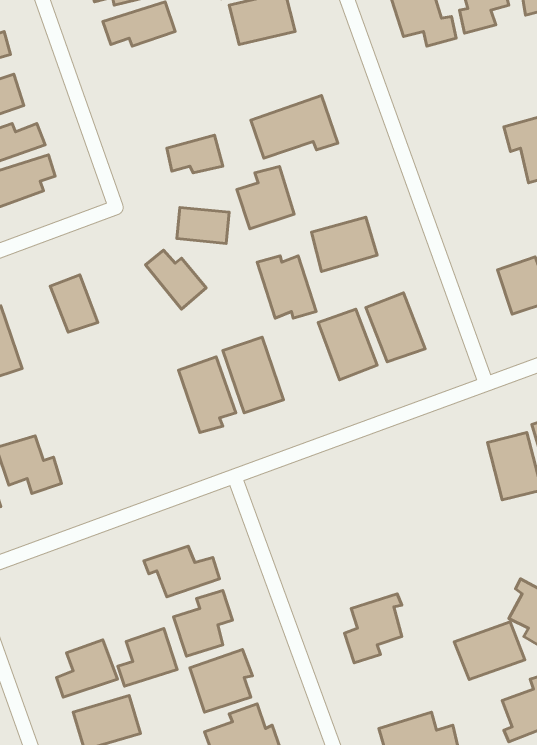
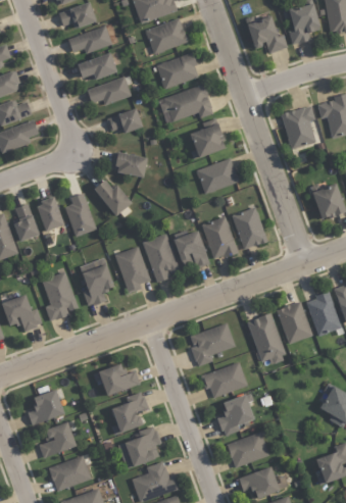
building: none -> [155,52,200,89]
building: none -> [77,53,116,79]
building: none -> [87,77,131,105]
building: none -> [281,105,315,149]
building: [237,166,294,229] -> [190,118,226,157]
building: [257,256,316,318] -> [172,230,209,268]
building: none -> [64,193,97,237]
building: none -> [12,203,39,242]
building: none -> [80,258,113,306]
building: none -> [42,271,79,320]
building: none -> [276,301,312,344]
building: none -> [247,313,286,365]
building: none -> [190,322,235,366]
building: none -> [200,361,247,398]
building: [454,622,525,680] -> [226,432,269,467]
building: [118,629,177,686] -> [28,389,64,424]

